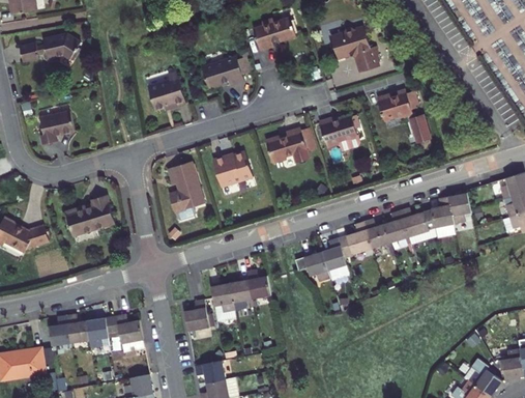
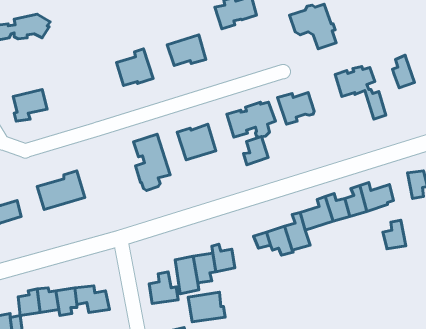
building: none -> [393,55,414,88]
building: none -> [244,137,268,165]
building: [434,199,458,229] -> [383,220,406,249]
building: none -> [188,292,225,322]

